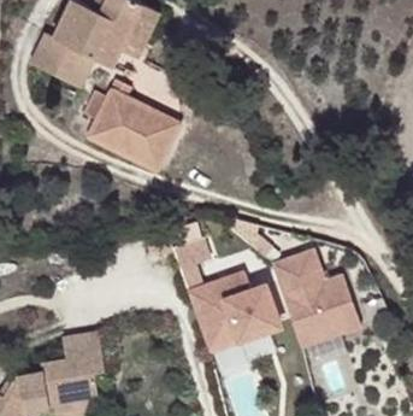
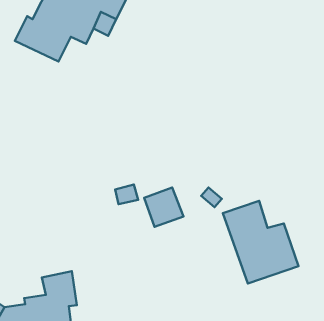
building: [84,81,182,172] -> none
building: [188,275,279,351] -> none

